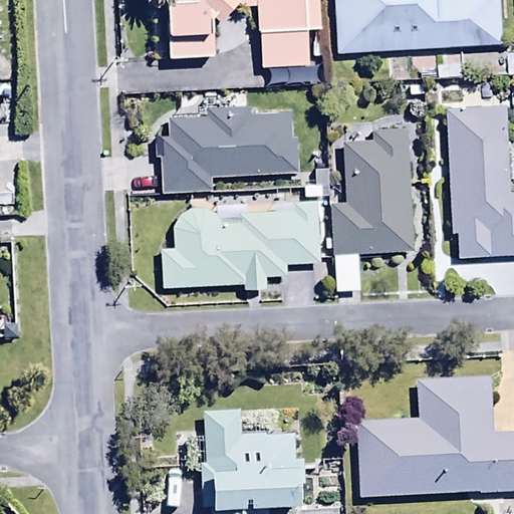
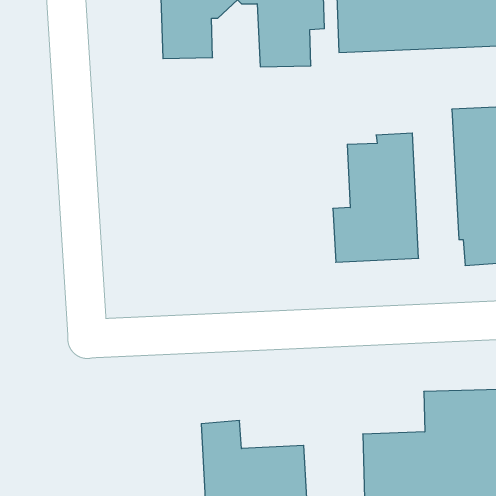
building: [156,105,299,191] -> none
building: [161,200,319,288] -> none

